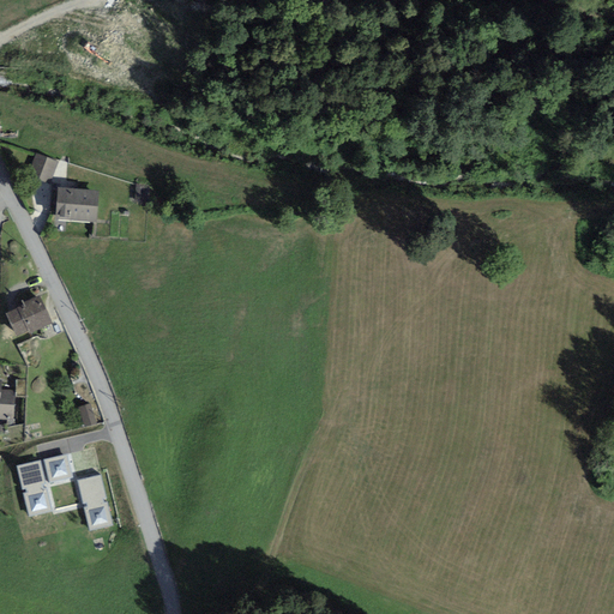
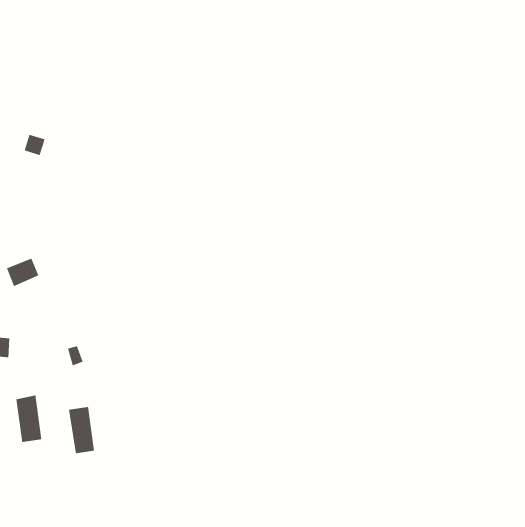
building: [55,188,95,219] -> none
building: [43,452,73,480] -> none

